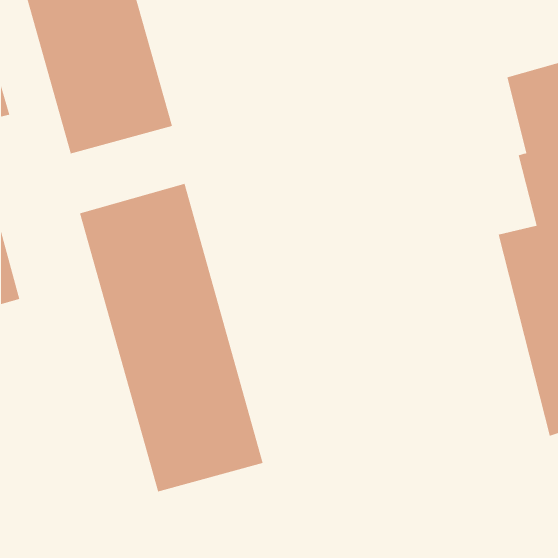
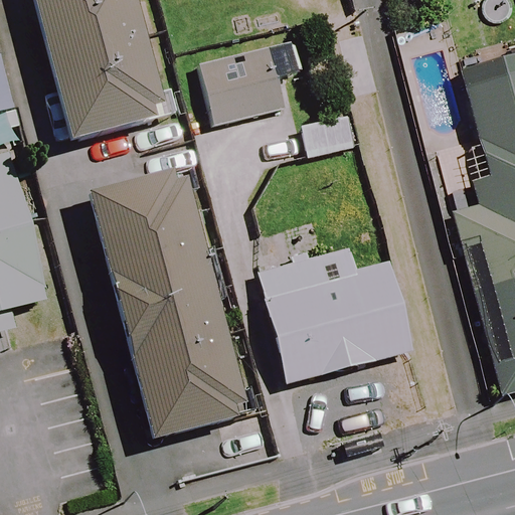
building: none -> [204,46,288,125]
building: none -> [265,232,418,381]

